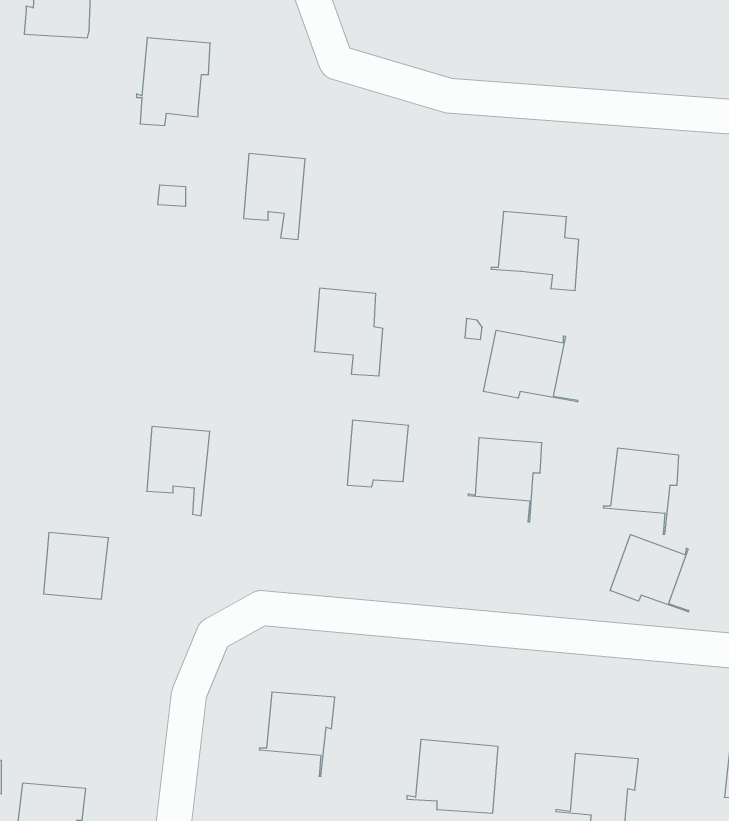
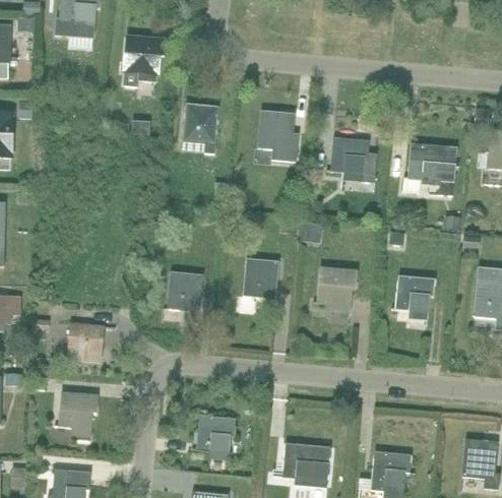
building: none -> [403,143,456,196]
building: [314,288,383,376] -> [258,111,298,162]
building: [483,330,578,402] -> none
building: [147,426,210,516] -> [167,271,203,323]
building: [610,535,689,612] -> none
building: none -> [55,392,98,441]

